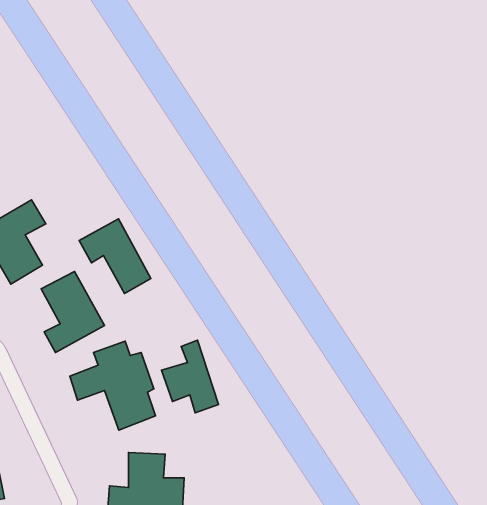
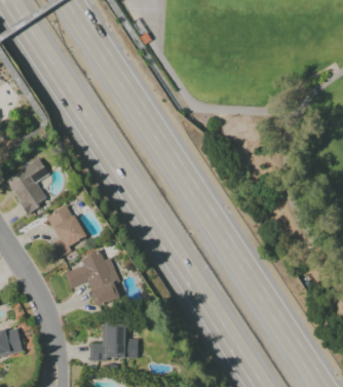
building: [79,219,151,294] -> none
building: [161,340,219,413] -> none

